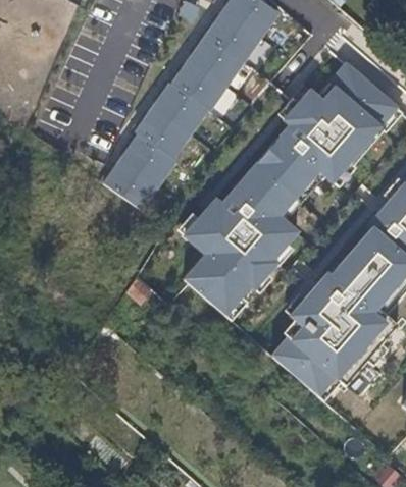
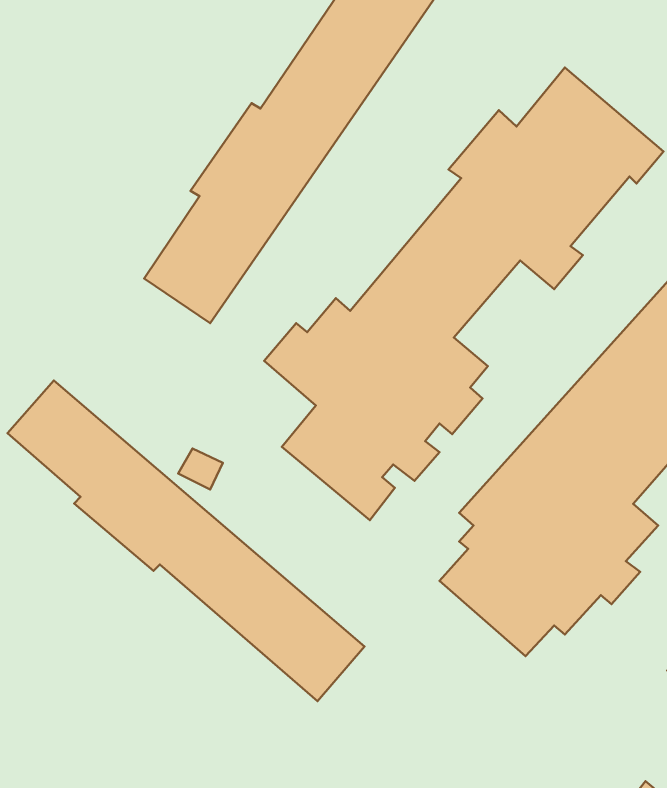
building: none -> [8,380,365,701]

